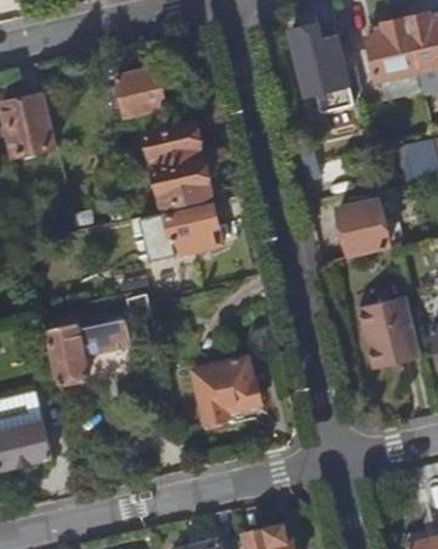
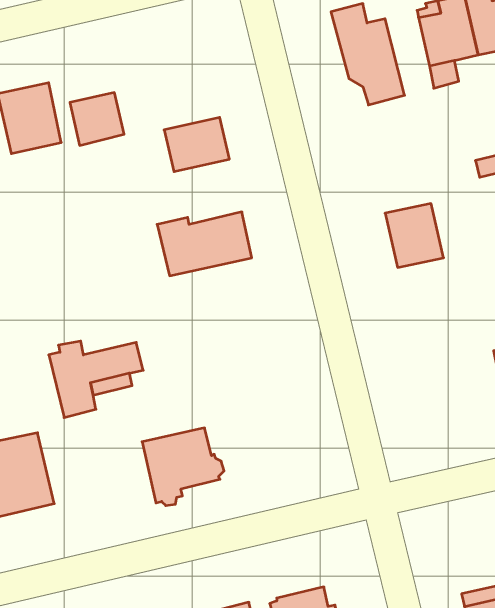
building: [118,67,165,113] -> [70,93,124,145]
building: [154,159,211,206] -> none
building: [357,295,420,367] -> none
building: [193,358,264,425] -> [142,428,224,506]

